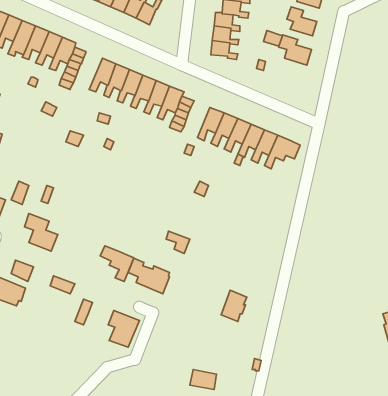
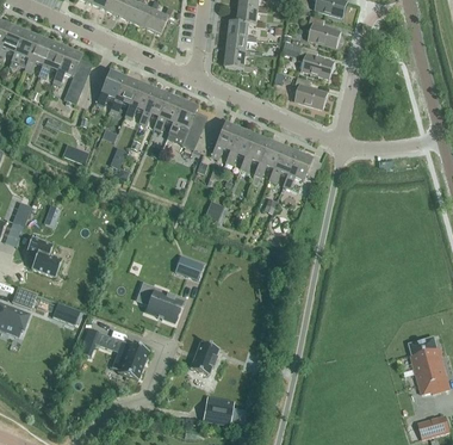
building: none -> [293,76,325,109]
building: [100,246,134,281] -> none
building: [221,290,247,322] -> [191,341,218,375]

